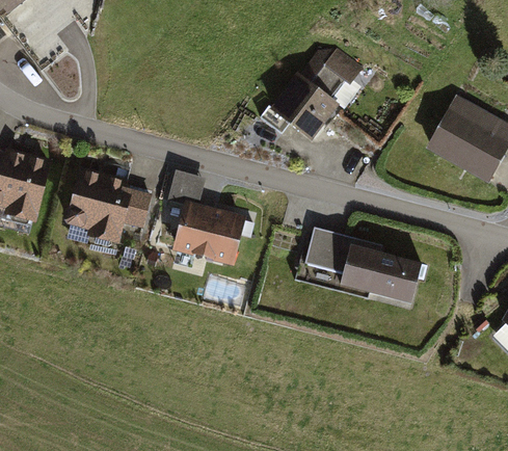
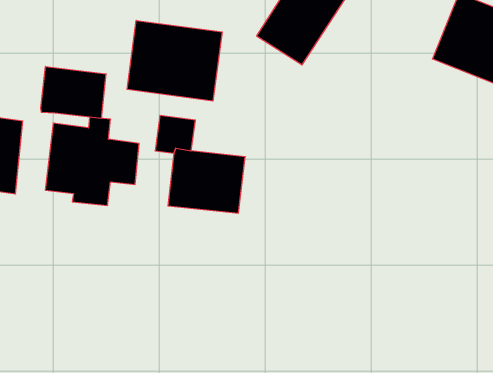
building: none -> [127,20,222,101]
building: none -> [41,66,106,118]
building: [300,228,422,304] -> none

